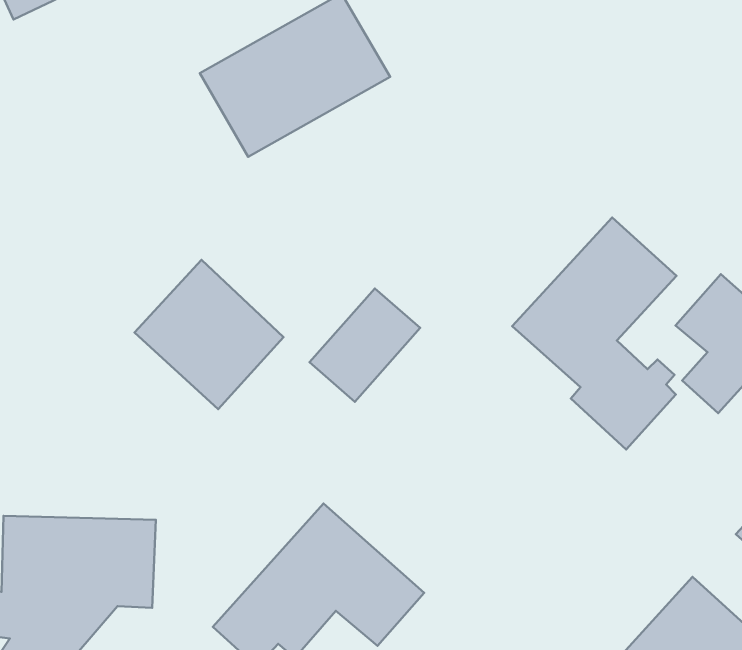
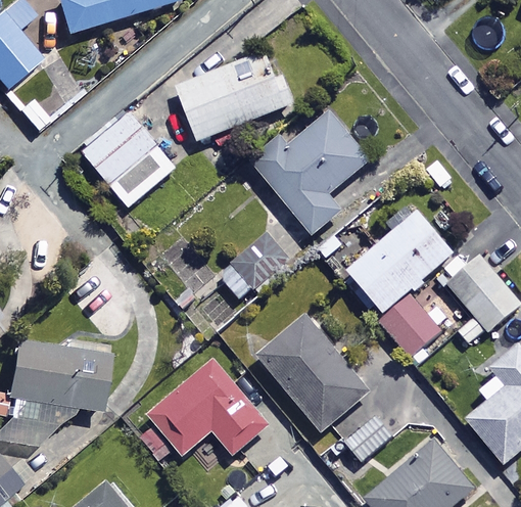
building: none -> [252,111,371,236]
building: [134,260,284,409] -> [82,111,174,205]
building: none -> [259,316,395,457]

